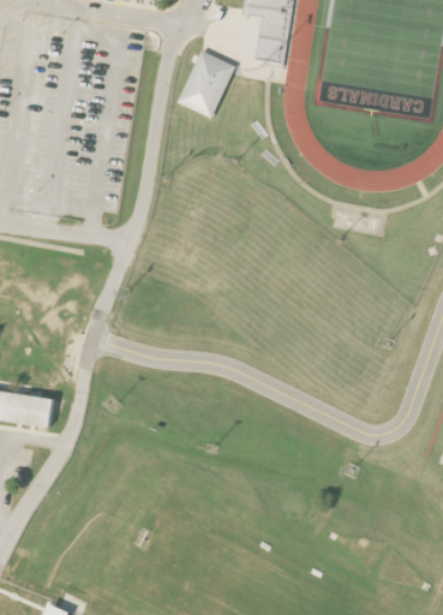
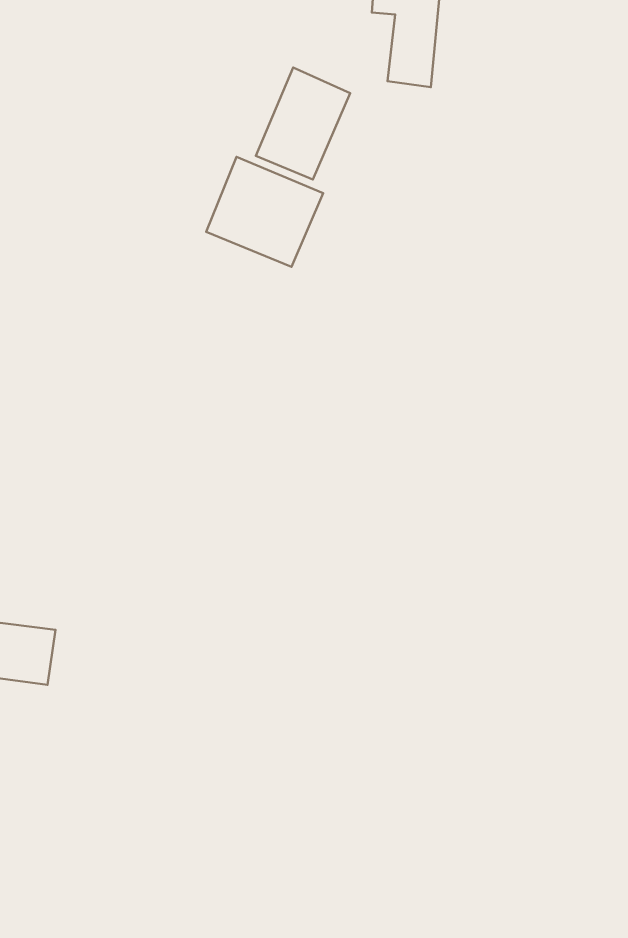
building: none -> [206,157,323,267]

